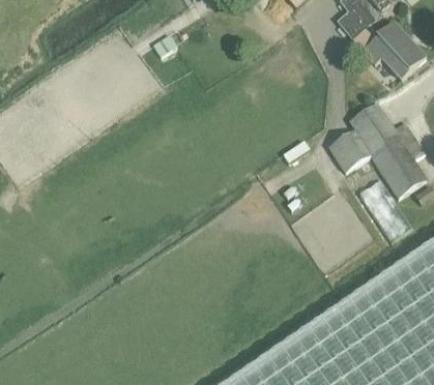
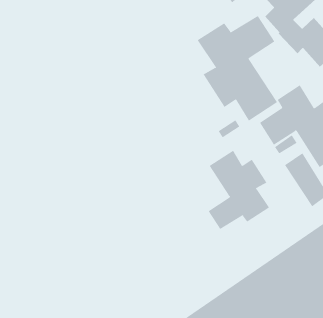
building: none -> [197,15,278,121]
building: none -> [208,150,270,230]

